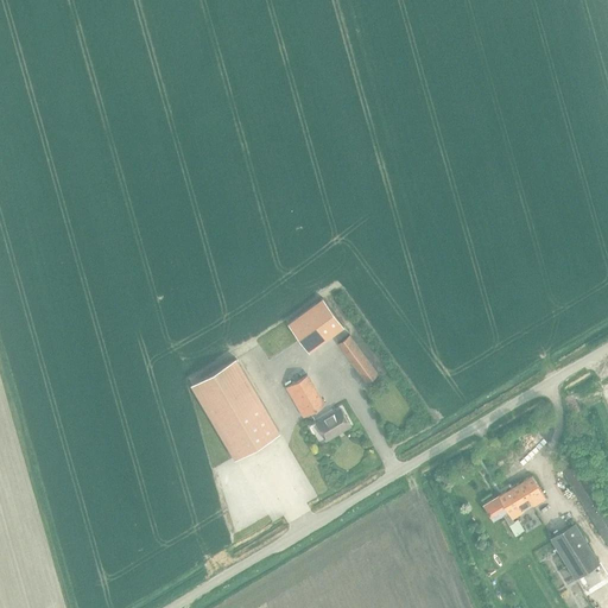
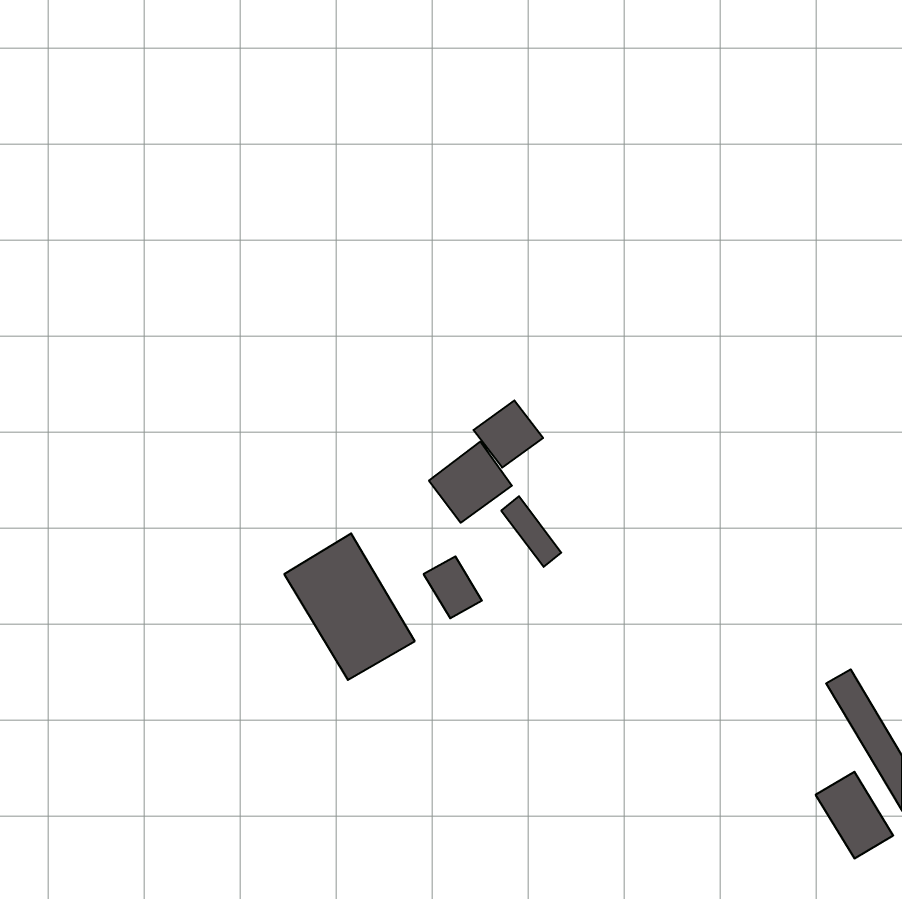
building: none -> [473,400,543,468]
building: [316,411,350,442] -> none
building: [483,477,545,538] -> none

